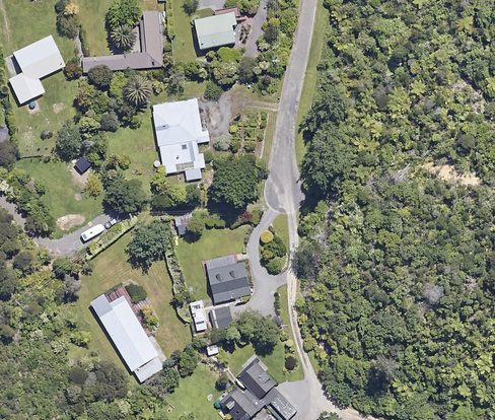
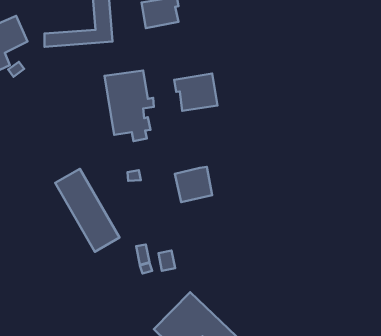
building: none -> [174,74,218,111]
building: [208,262,251,302] -> [175,167,212,202]
building: [89,285,163,380] -> [55,169,120,252]

